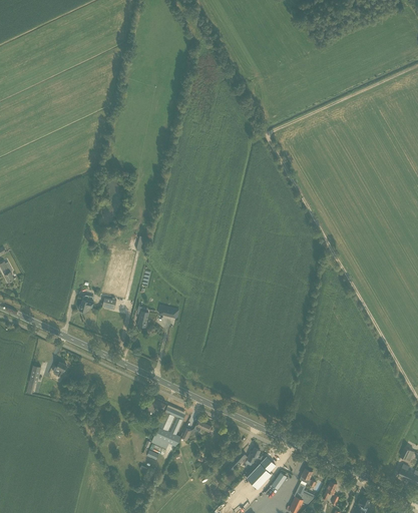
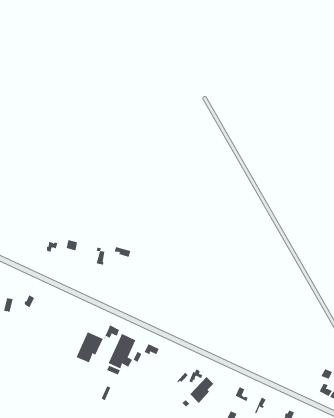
building: none -> [76,332,104,363]

